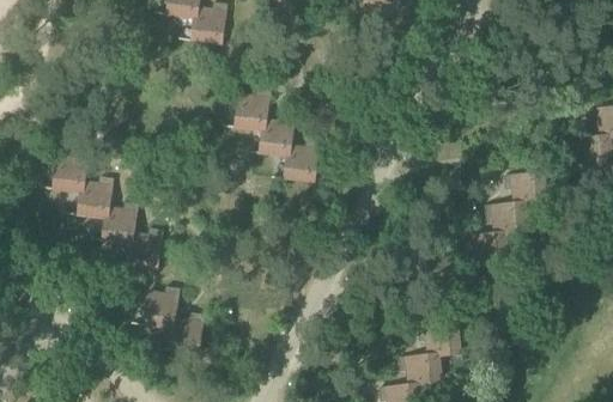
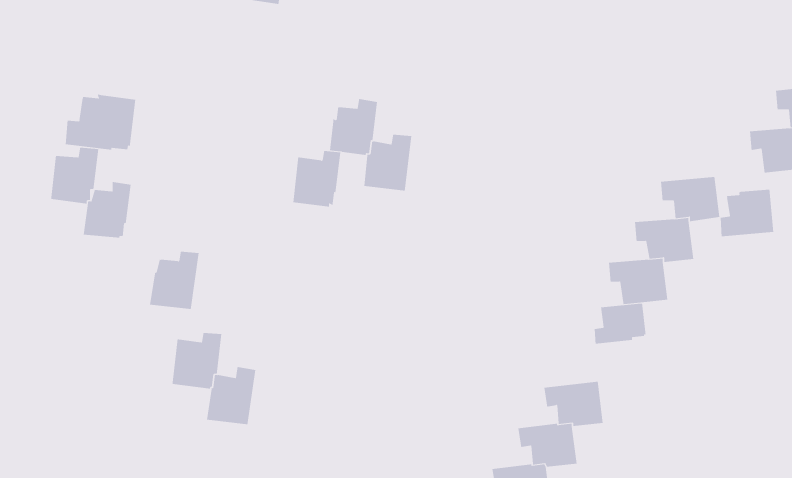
building: [233,90,269,132] -> [293,150,341,207]
building: none -> [65,93,136,150]
building: none -> [720,189,774,237]
building: [102,202,138,244] -> none
building: none -> [594,303,646,344]

